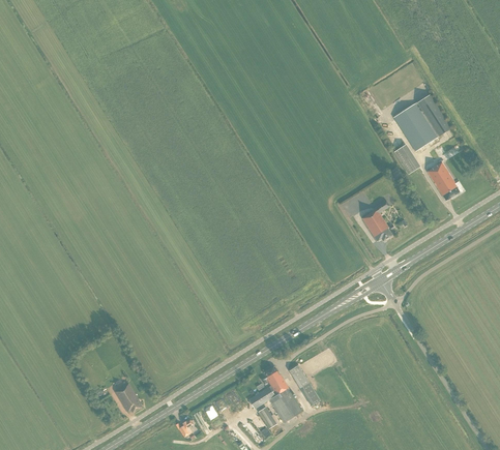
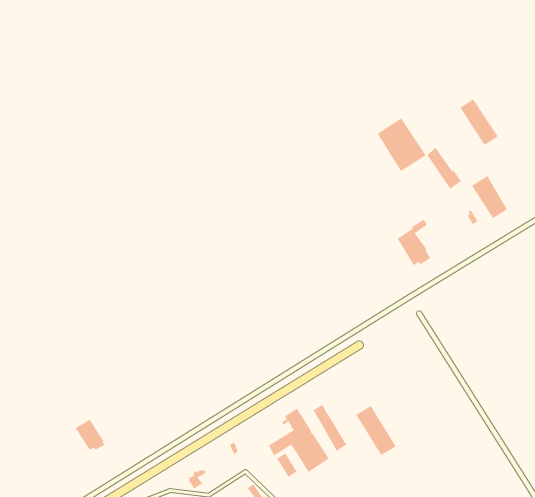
building: [393,102,437,150] -> [377,117,426,172]
building: none -> [356,405,396,456]
building: [114,383,141,411] -> [75,419,106,451]

